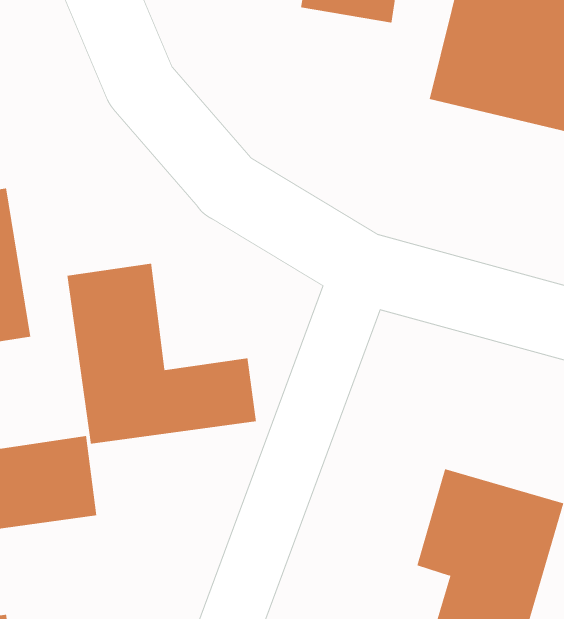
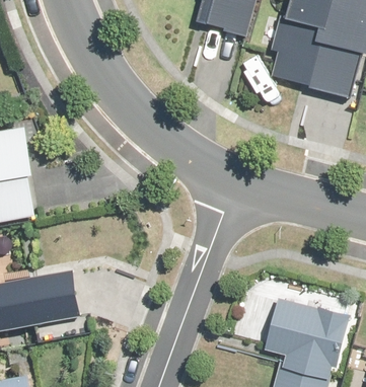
building: [67,263,256,444] -> none

